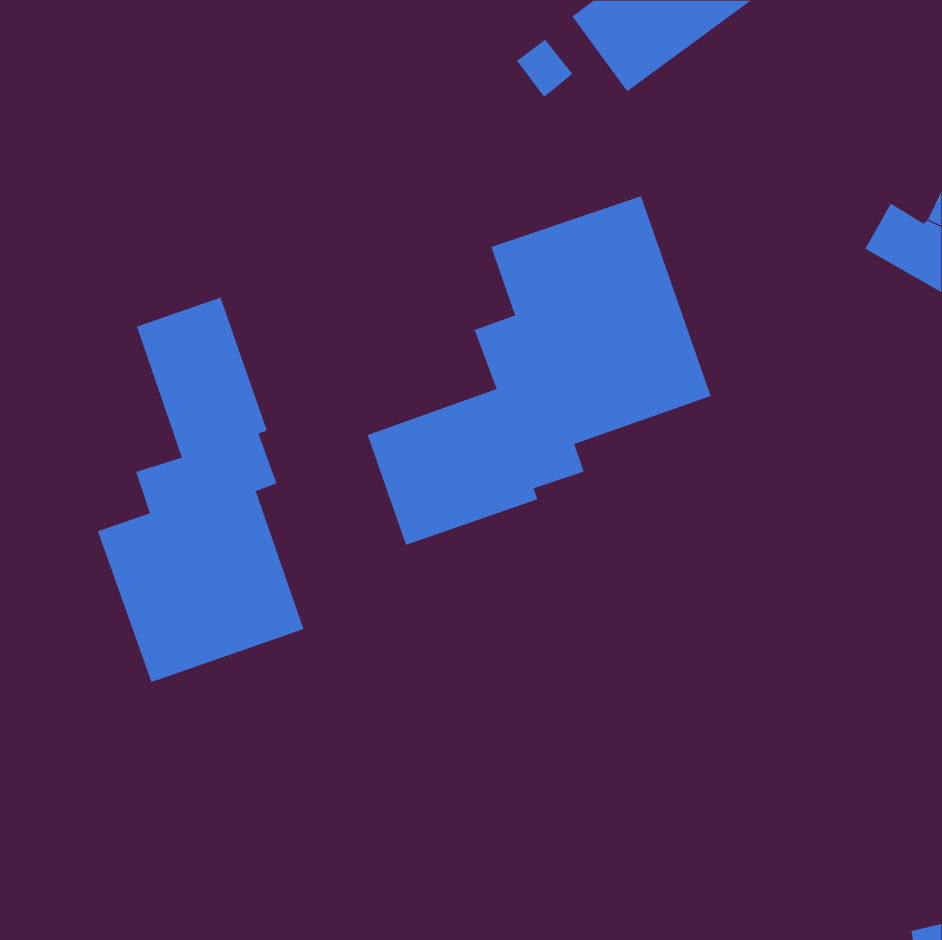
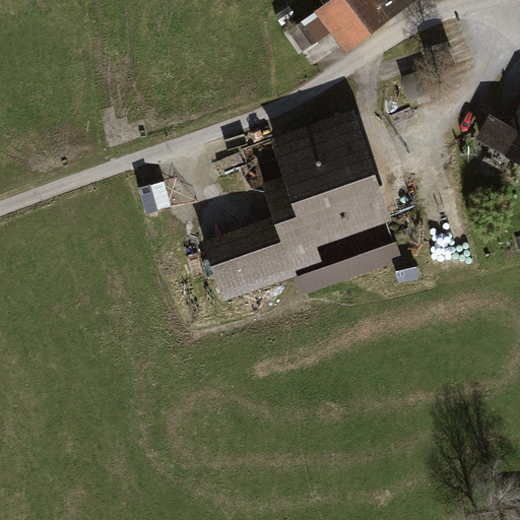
building: [97,297,304,683] -> none

